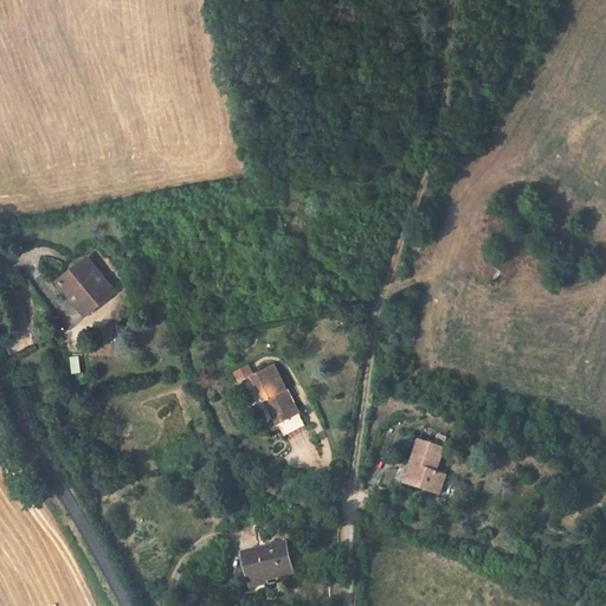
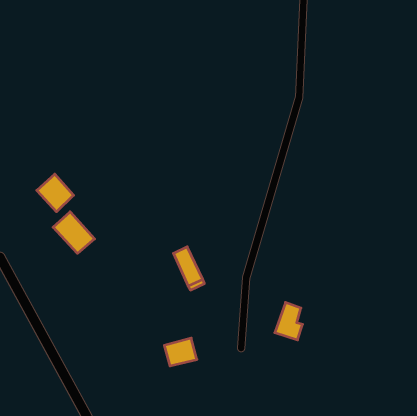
building: none -> [53,212,95,253]
building: [251,544,298,585] -> [164,338,197,366]

